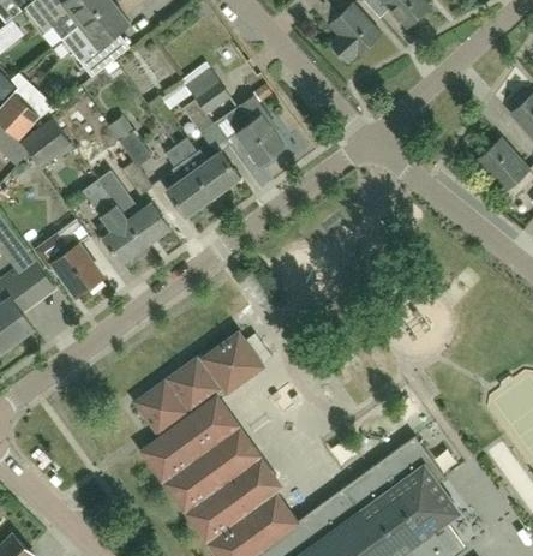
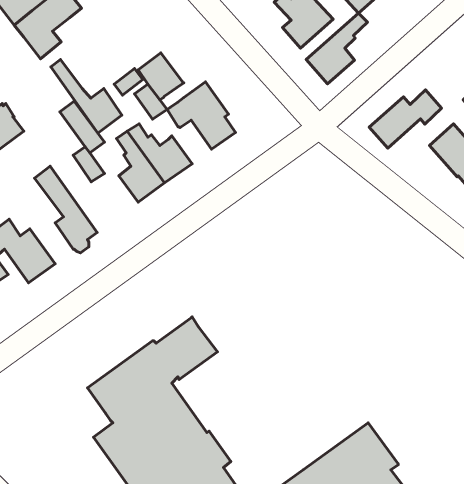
building: none -> [306,13,367,84]
building: none -> [369,90,442,148]
building: [98,174,169,247] -> [51,60,122,133]

